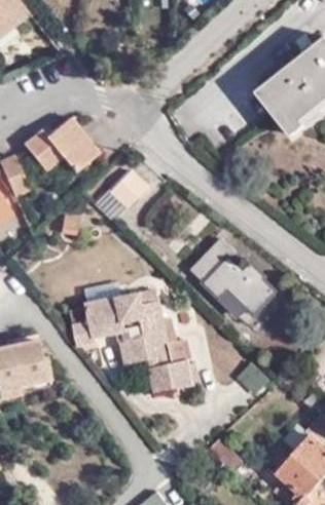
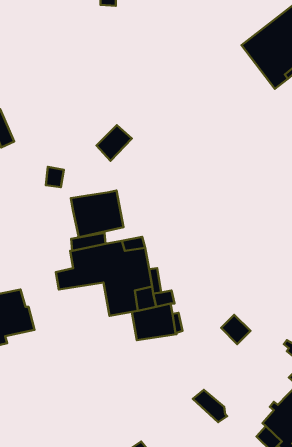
building: [22,117,96,172] -> none
building: none -> [71,191,124,238]
building: [190,240,274,317] -> none

